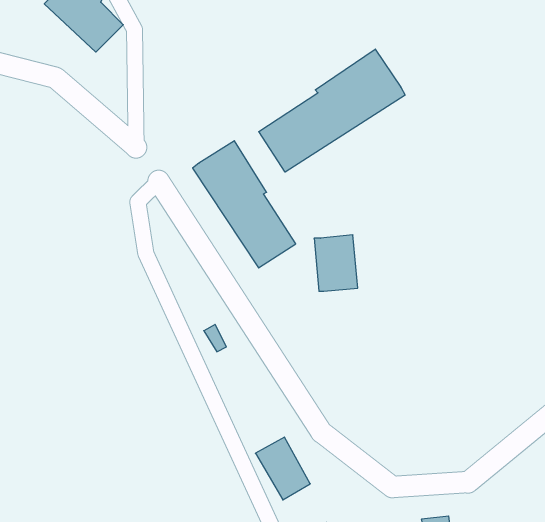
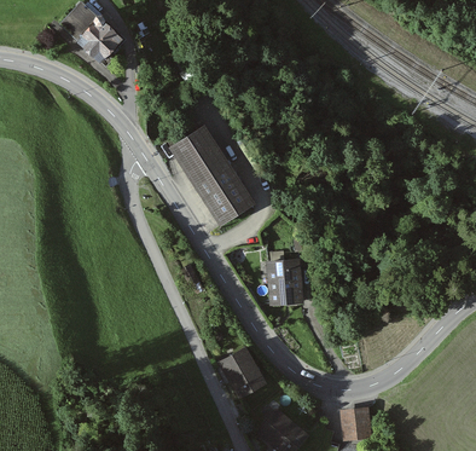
building: [259,49,405,172] -> none
building: [314,235,358,291] -> [272,261,304,303]

